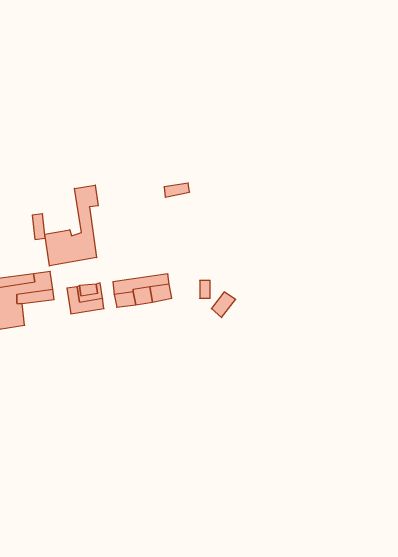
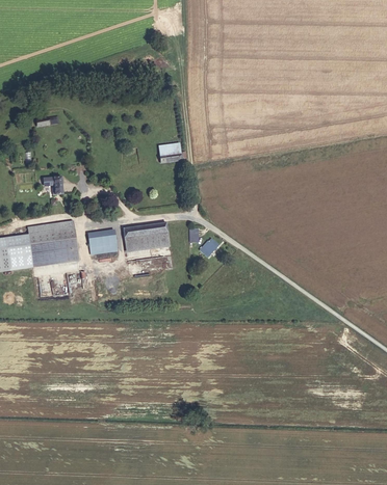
building: [45,185,98,266] -> none
building: none -> [47,244,75,265]

